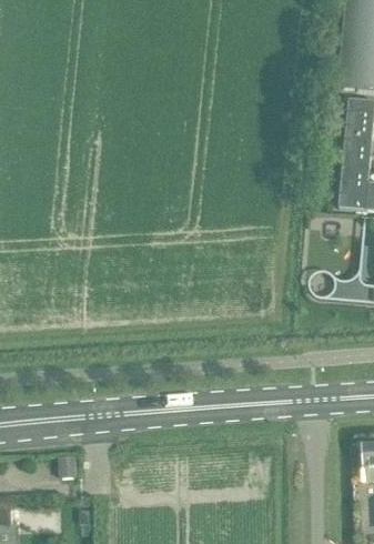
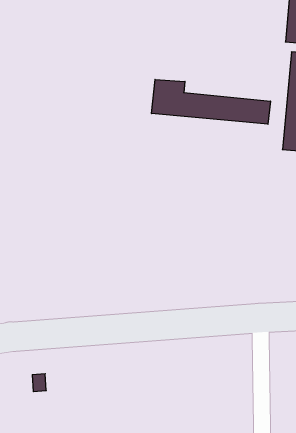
building: none -> [152,79,270,124]

